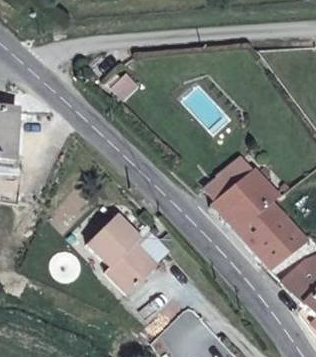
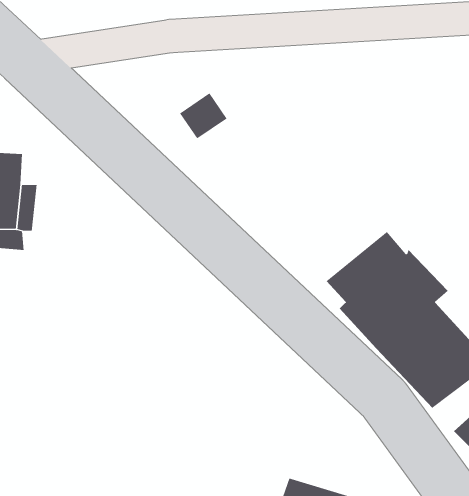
building: [88,214,157,292] -> none

